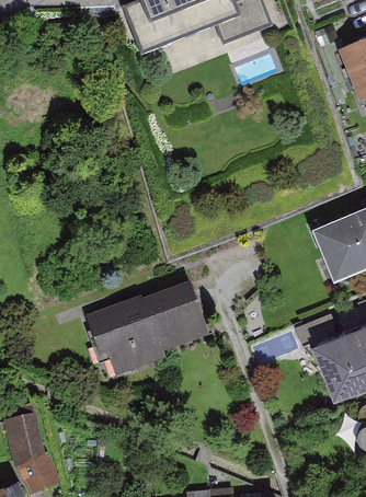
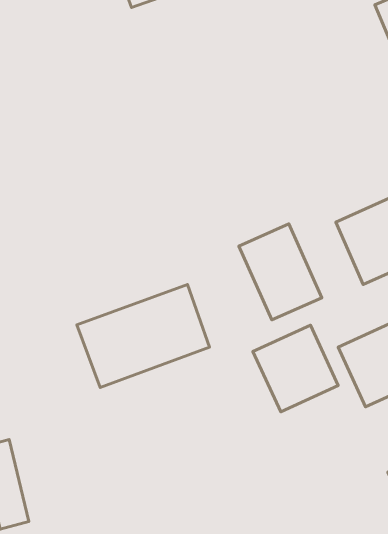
building: none -> [239,224,322,320]
building: none -> [253,325,338,412]

